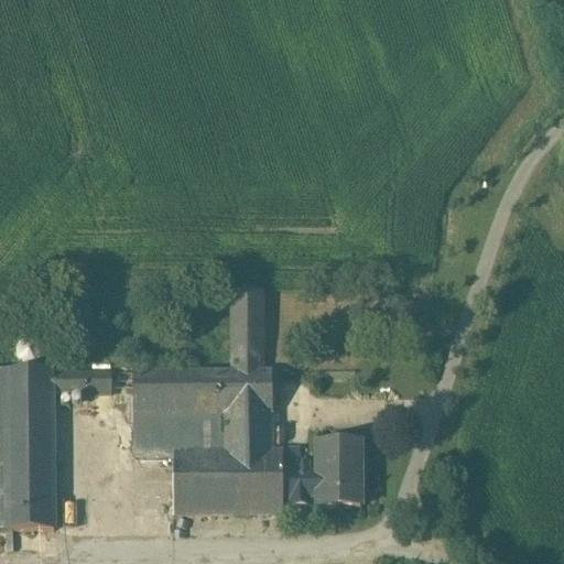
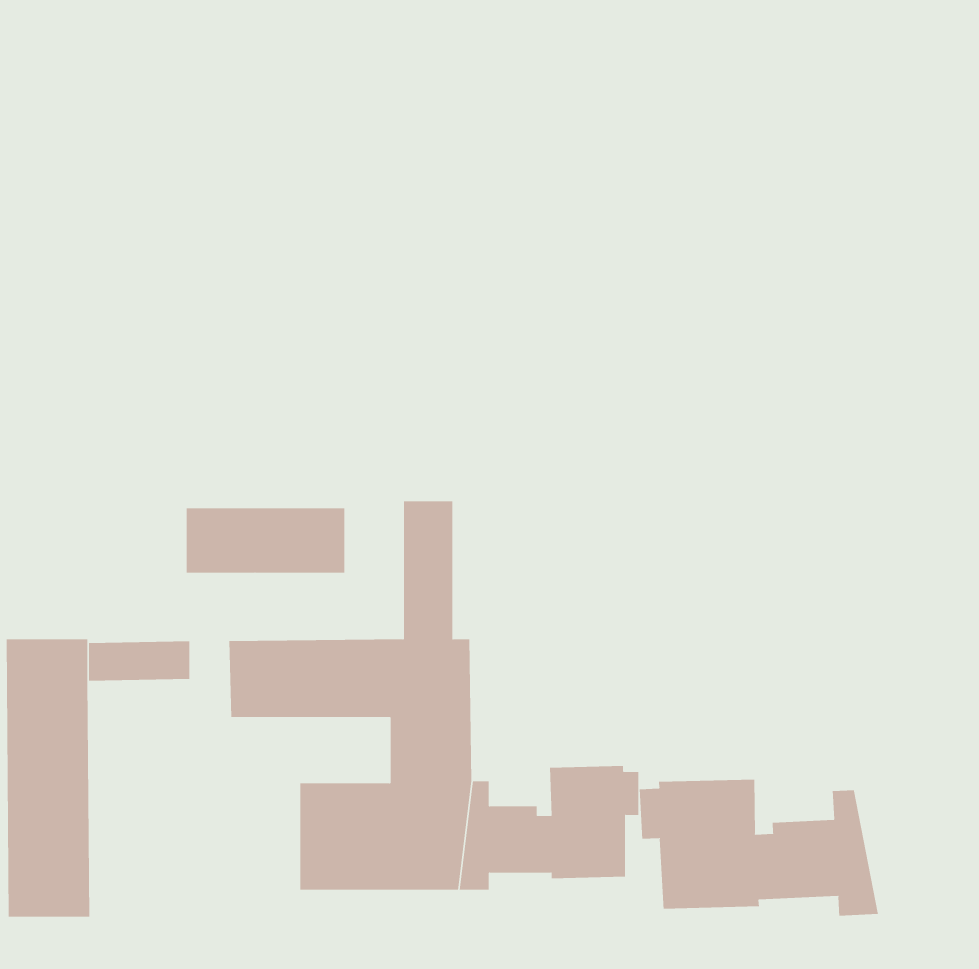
building: [132,412,224,449] -> [186,508,345,573]
building: none -> [639,779,878,916]

